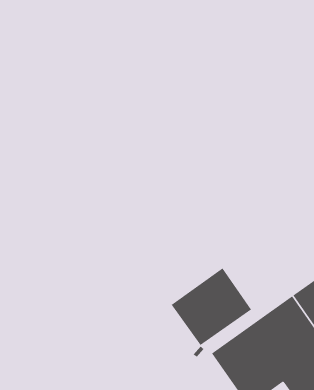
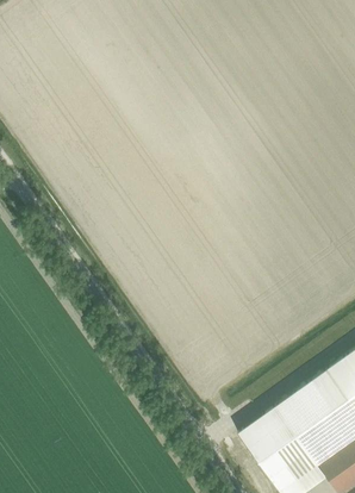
building: [171,267,252,346] -> none

